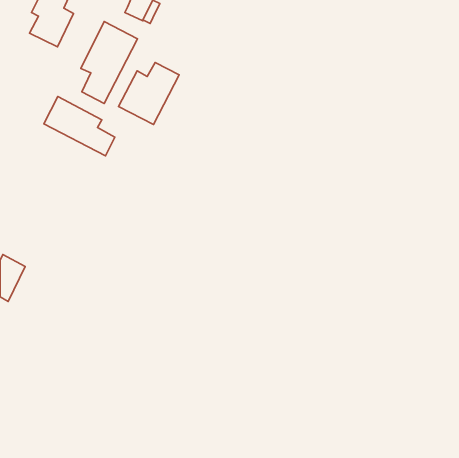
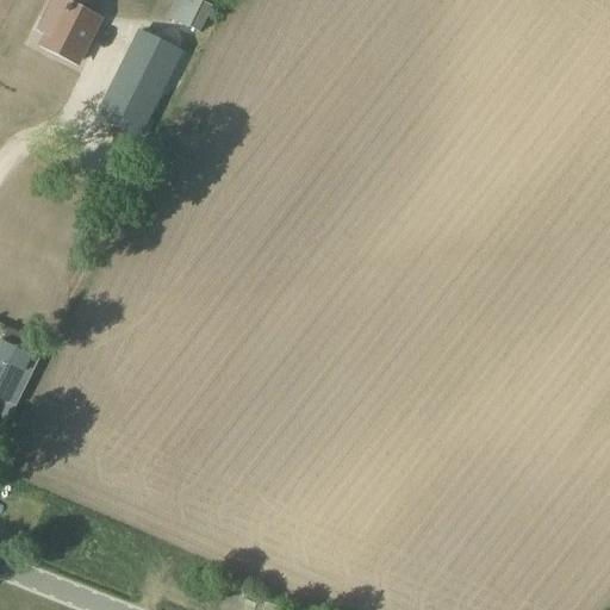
building: [118,63,179,125] -> none
building: [44,97,115,156] -> none

